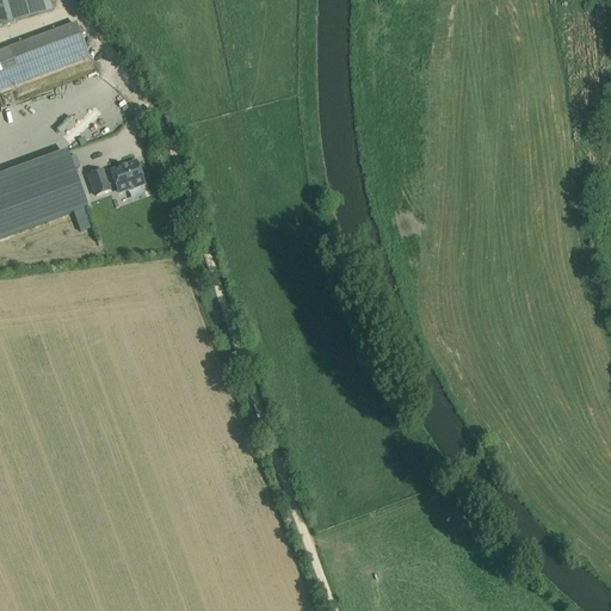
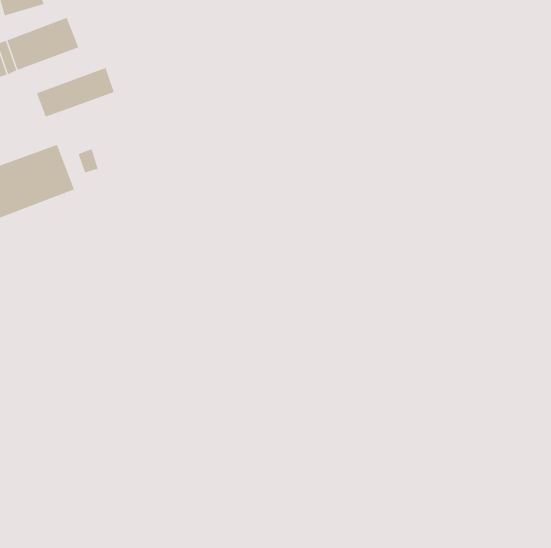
building: none -> [36,67,114,118]
building: [106,156,143,187] -> none

